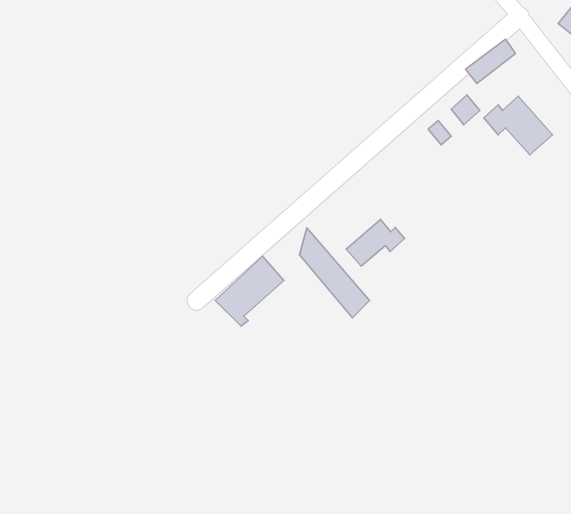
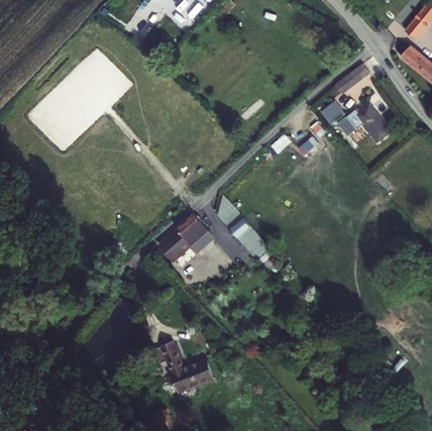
building: [346,220,405,266] -> none
building: none -> [151,341,207,391]

